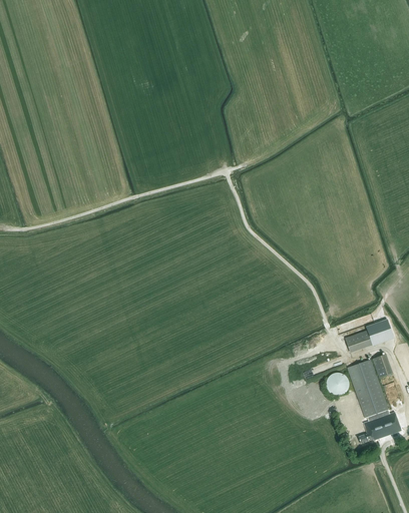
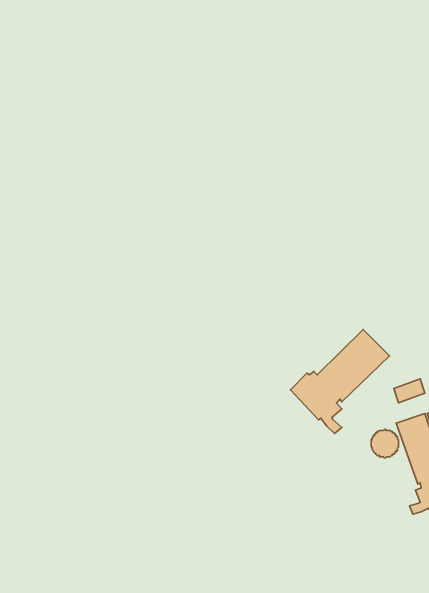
building: none -> [290,330,390,433]

